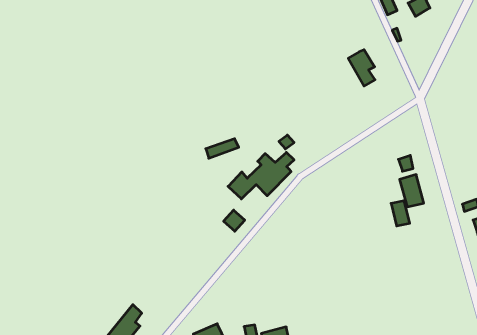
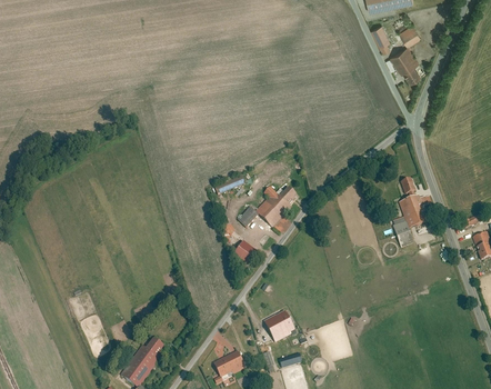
building: [348,50,375,86] -> [392,48,419,82]
building: none -> [264,310,294,341]

